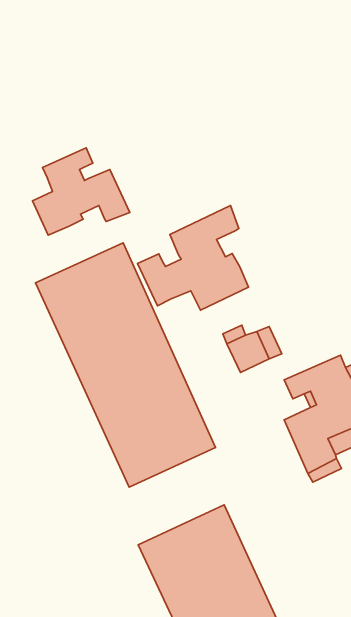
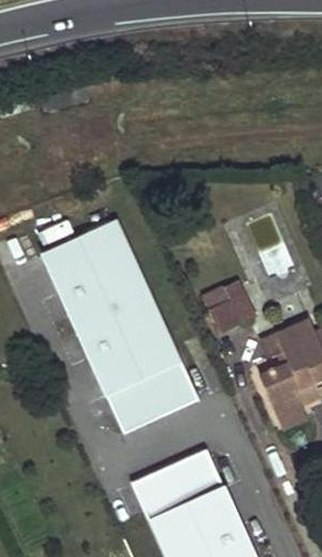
building: [32,148,130,235] -> none
building: [137,205,248,310] -> none

